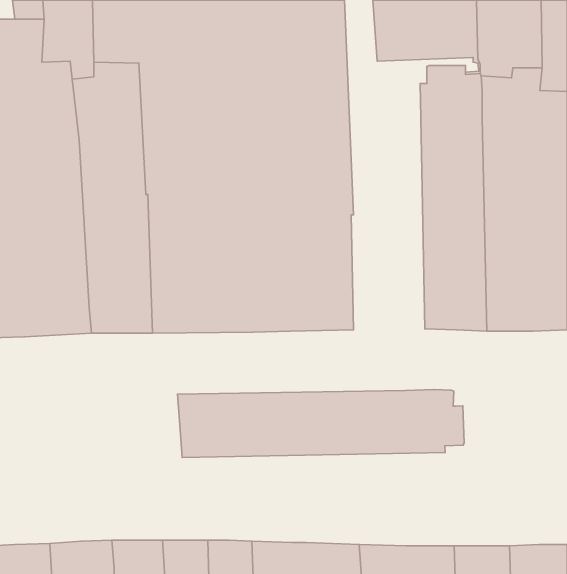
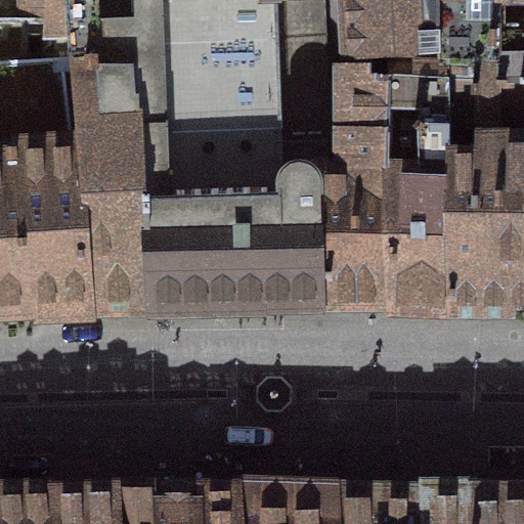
building: none -> [318,66,385,302]
building: [177,390,464,457] -> none

